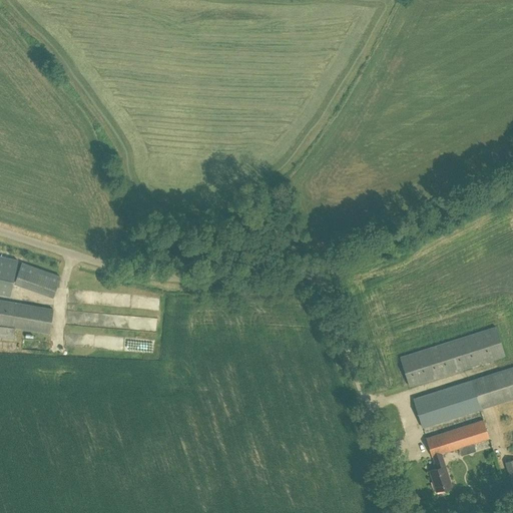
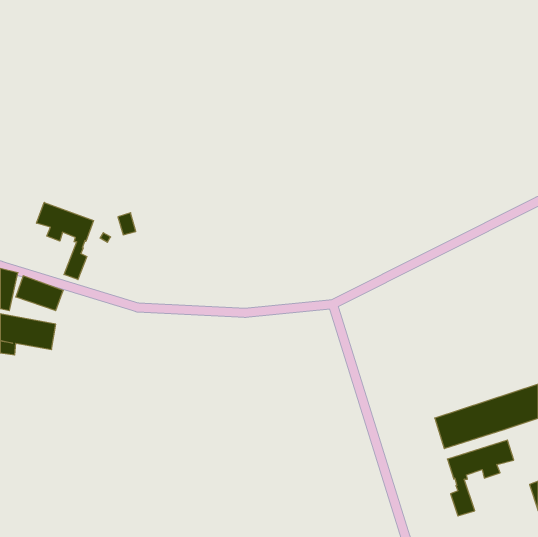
building: none -> [37,202,93,280]
building: [400,326,505,386] -> none

